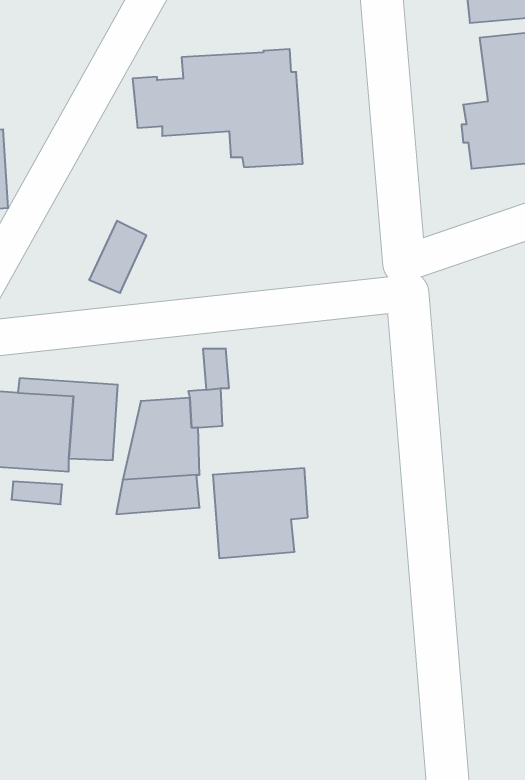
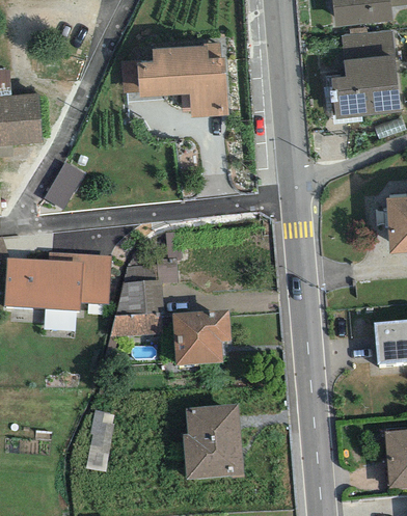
building: [89,221,146,293] -> [46,161,82,207]
building: none -> [182,403,243,479]
building: none -> [85,410,115,471]

